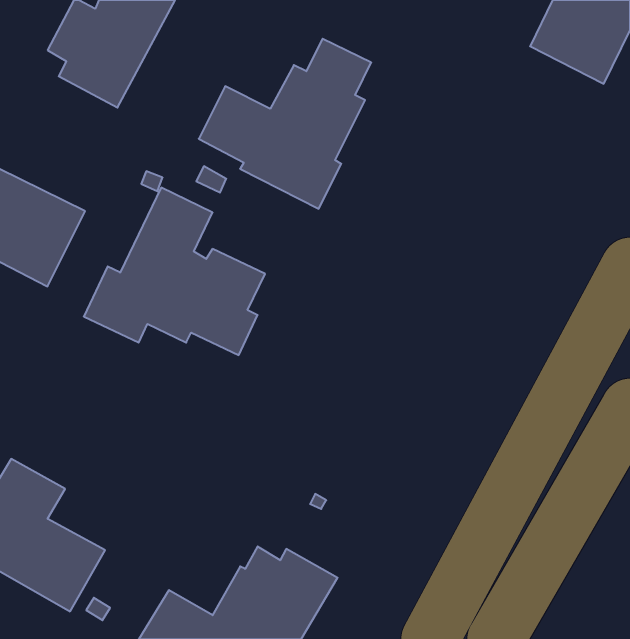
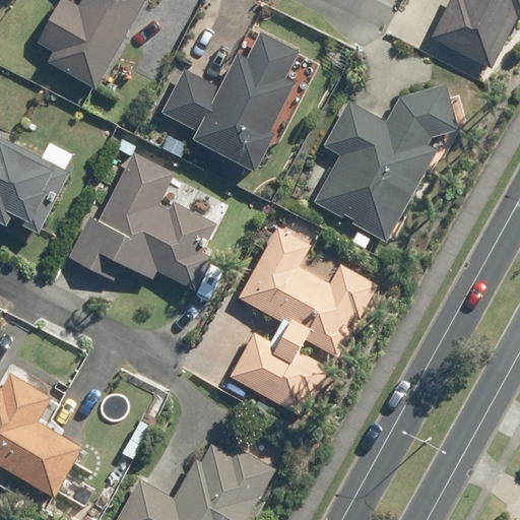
building: none -> [314,82,456,242]
building: none -> [230,226,376,416]

